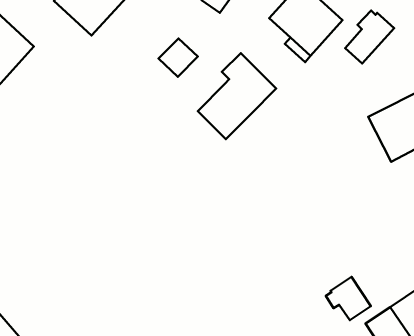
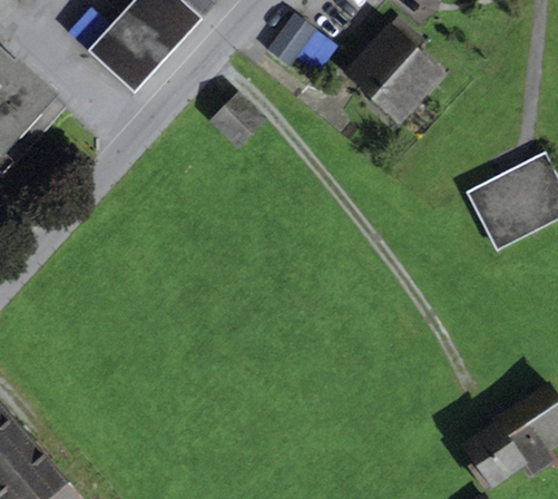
building: [345,11,394,64] -> none
building: [198,53,276,139] -> none
building: [326,277,371,320] -> none

